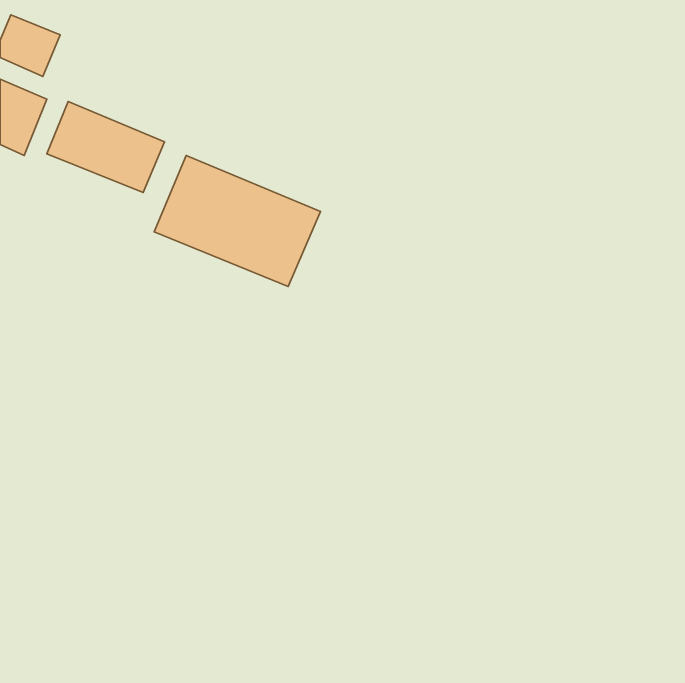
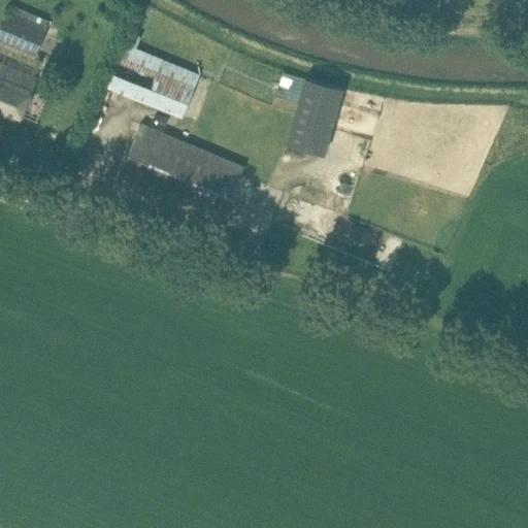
building: none -> [287,77,343,154]
building: [47,102,165,193] -> [107,45,198,116]

